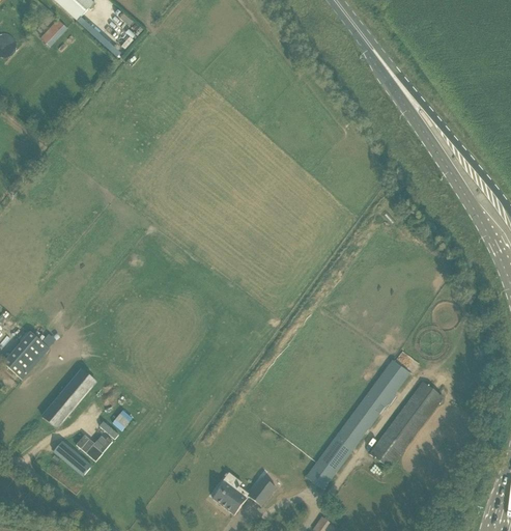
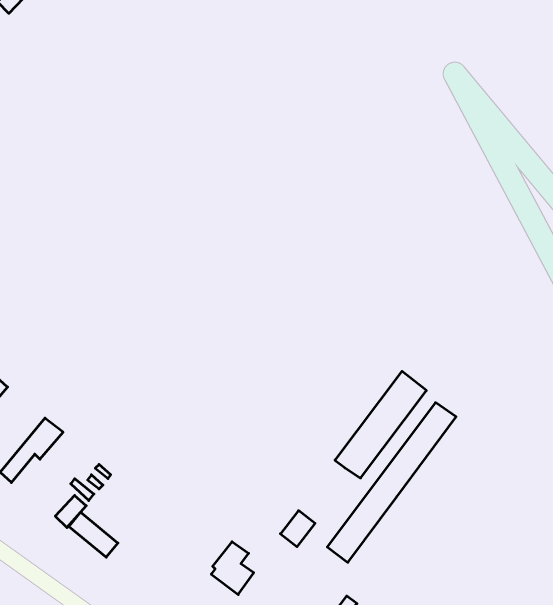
building: [369,381,443,467] -> [335,371,426,478]
building: [53,439,92,475] -> [69,512,118,557]
building: [248,476,276,505] -> [280,511,315,547]

